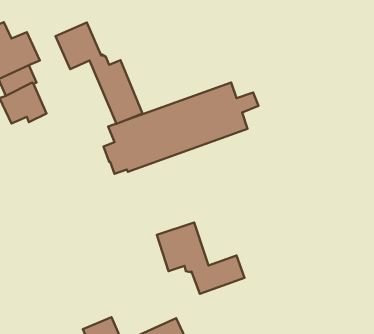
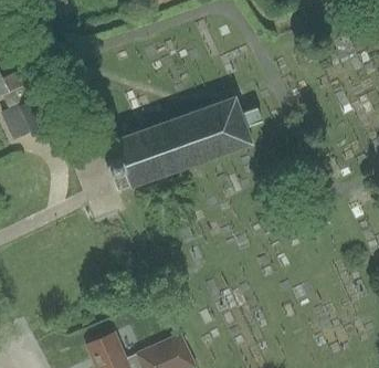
building: [55,22,143,124] -> none
building: [157,222,245,294] -> none

